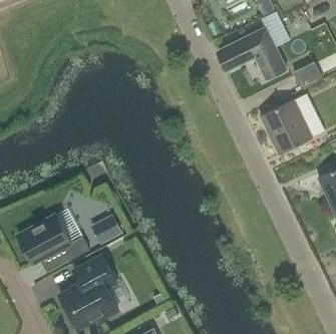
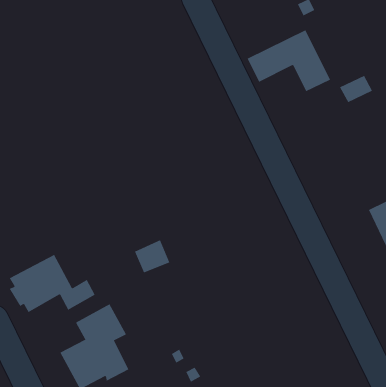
building: [260,99,312,154] -> none
building: [93,213,123,241] -> [134,240,170,273]

